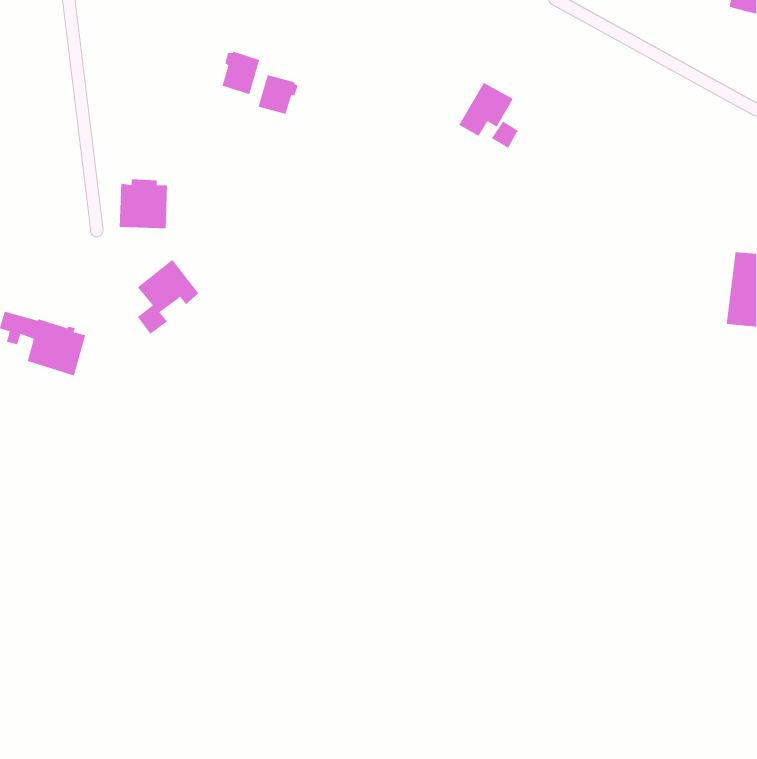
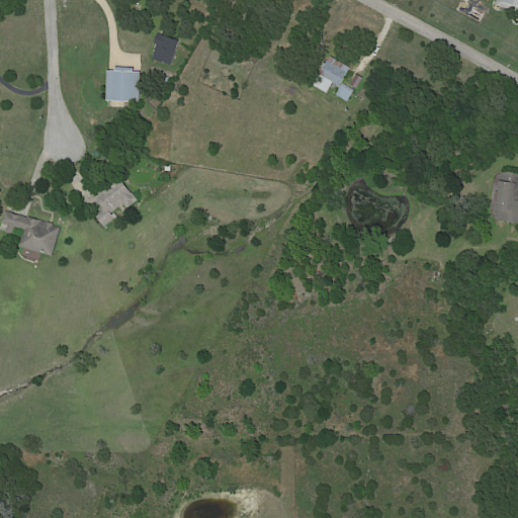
building: [258,74,299,115] -> none
building: [119,178,168,229] -> [106,66,140,100]

